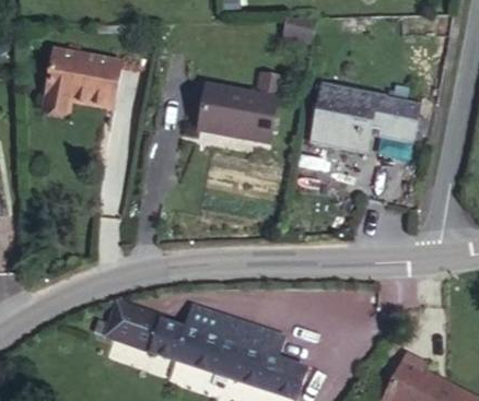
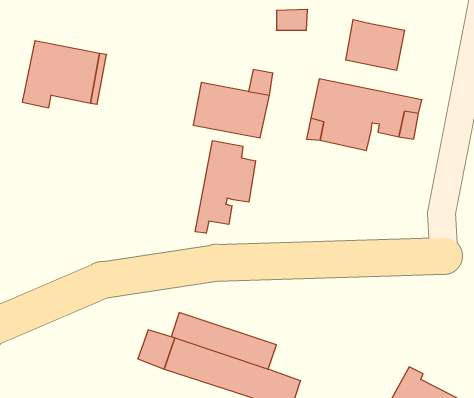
building: none -> [346,19,404,70]
building: none -> [195,141,256,233]
building: [106,302,161,349] -> none

